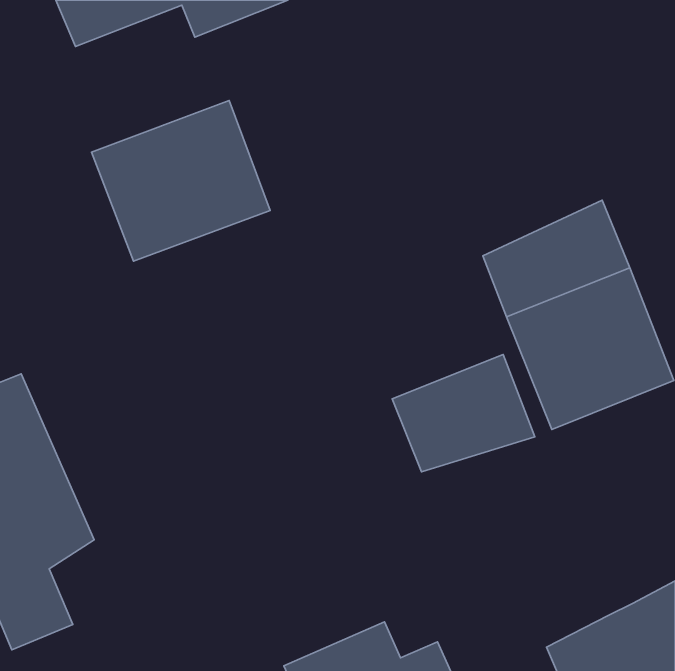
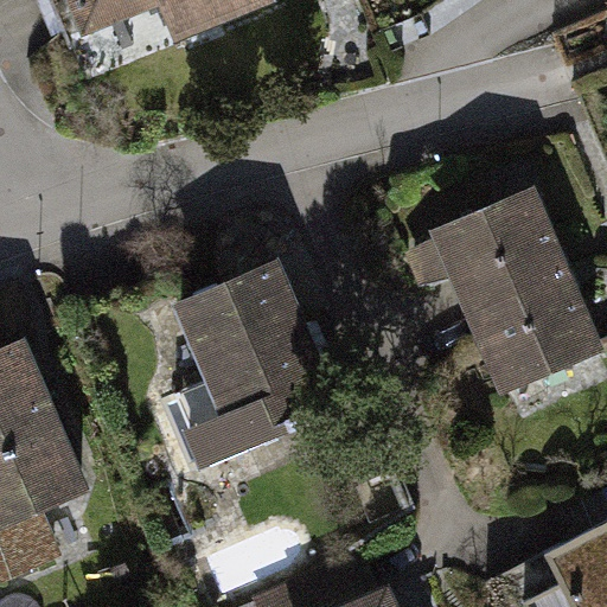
building: [91,100,270,261] -> none
building: none -> [172,260,336,458]
building: [392,355,535,472] -> none

